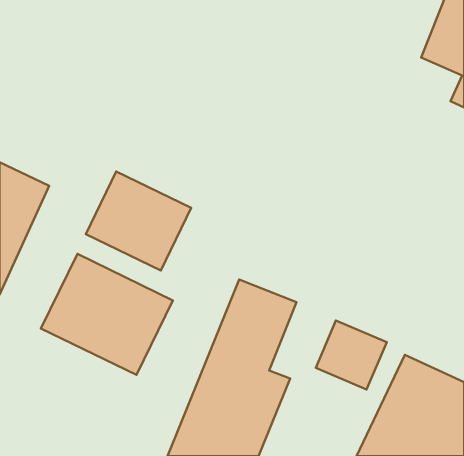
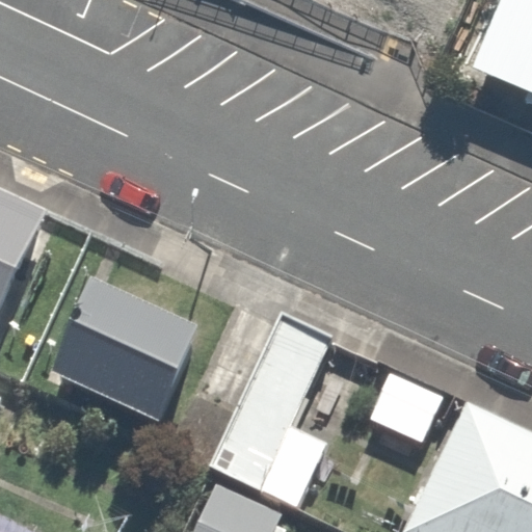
building: [86,171,191,271] -> none

